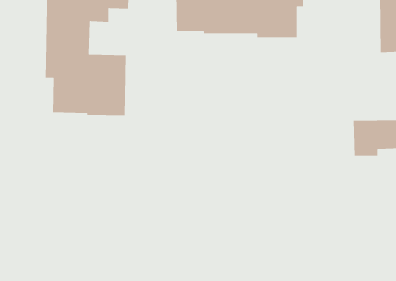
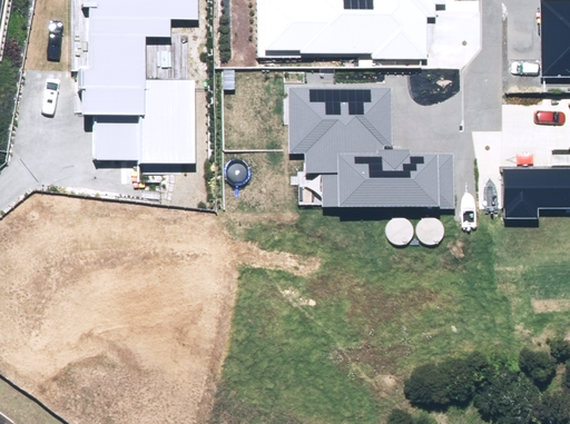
building: none -> [287,86,454,207]

